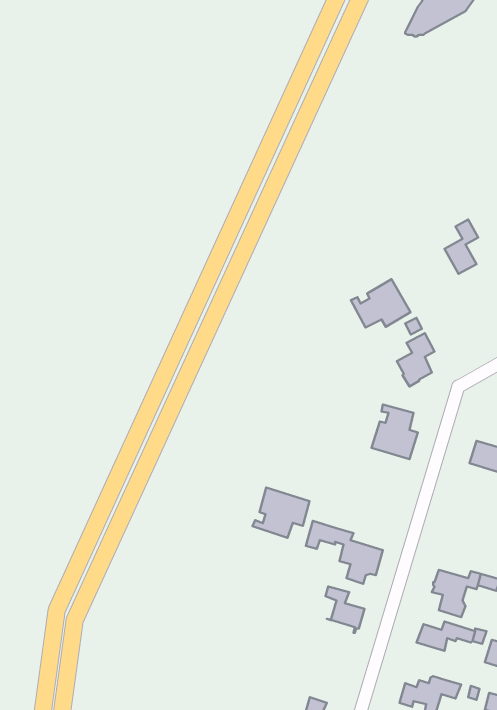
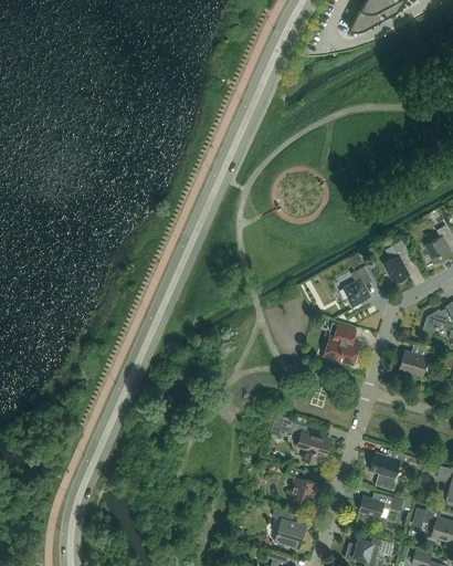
building: [444,219,478,274] -> [383,240,410,283]
building: [351,279,410,327] -> none
building: [253,488,310,538] -> none
building: none -> [272,509,305,549]

